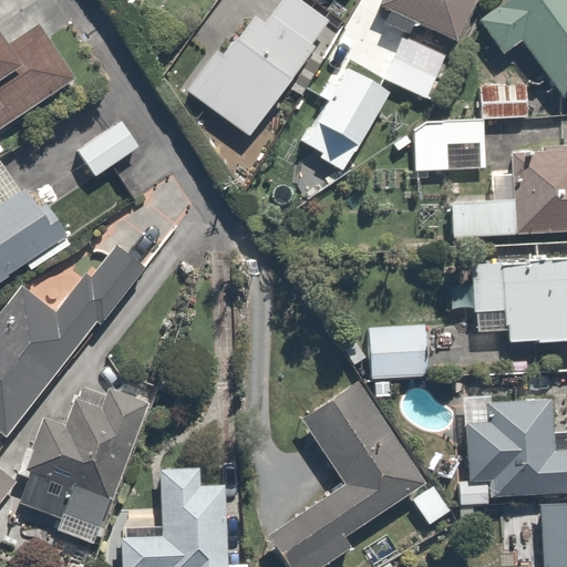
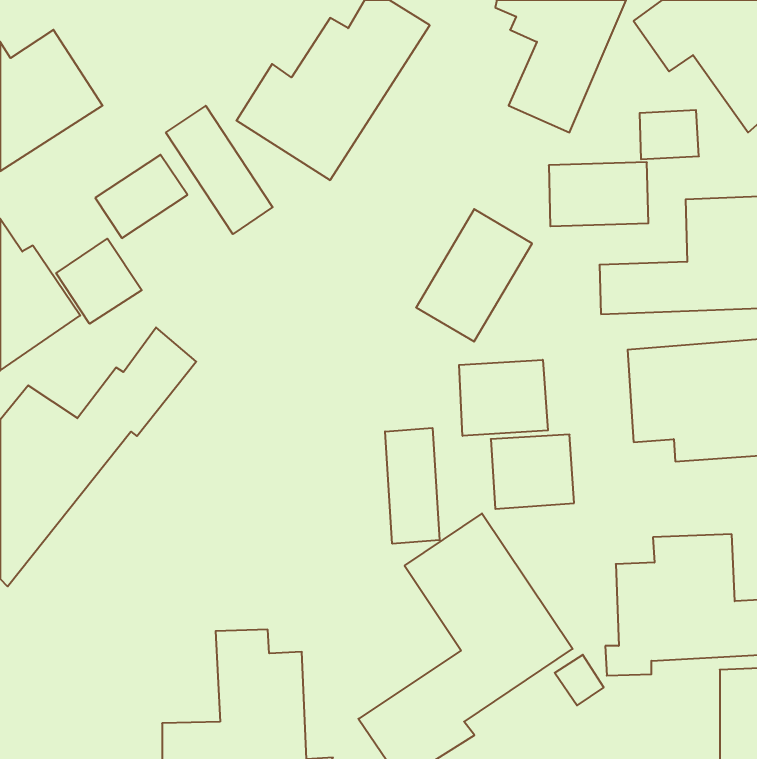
building: [298,68,384,166] -> [416,209,532,342]
building: none -> [166,106,273,234]
building: none -> [56,239,142,324]
building: none -> [459,360,548,436]
building: none -> [385,428,440,544]
building: [12,386,145,545] -> none

